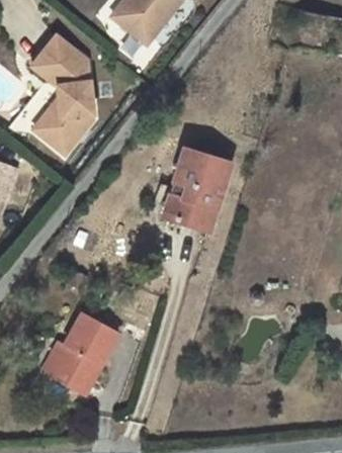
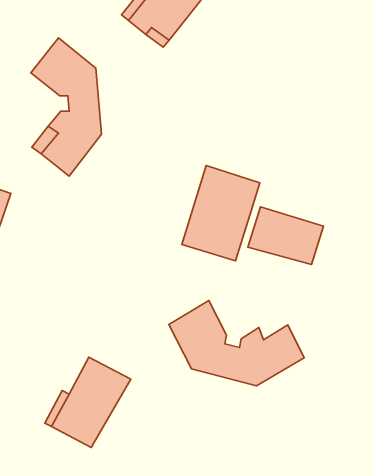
building: none -> [248,207,324,264]
building: none -> [169,300,304,386]

